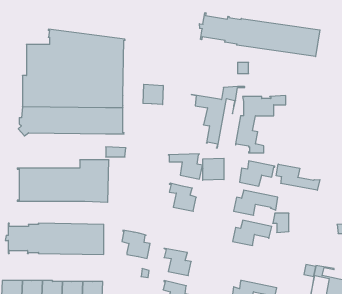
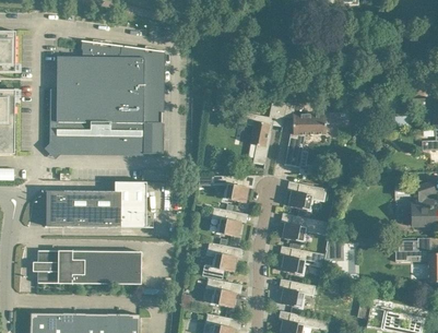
building: [199,13,320,57] -> none
building: [143,84,163,105] -> none
building: [203,158,224,180] -> none
building: [276,164,320,190] -> none
building: [122,230,150,258] -> [206,241,237,272]
building: none -> [280,281,316,307]

